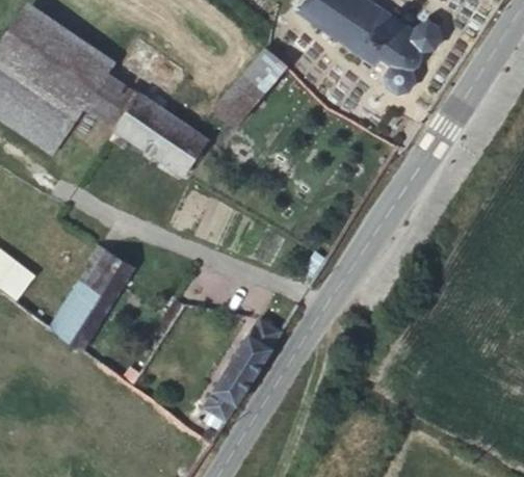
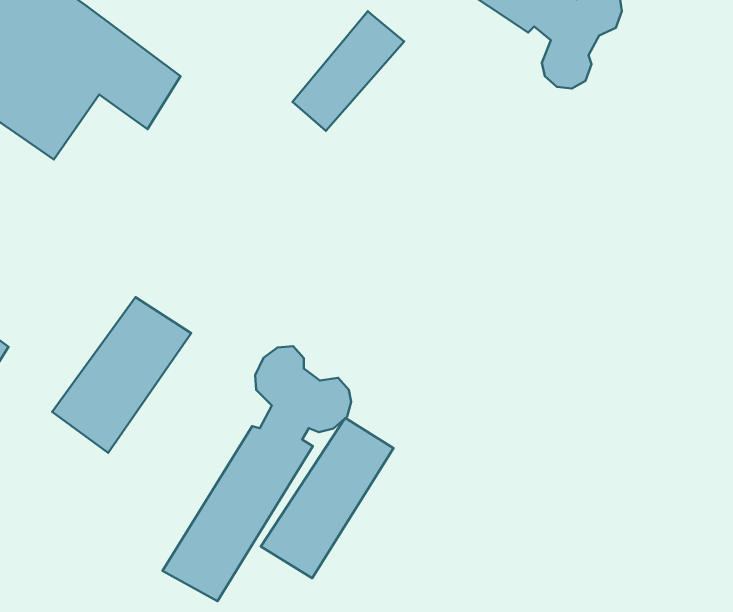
building: [111,89,211,180] -> none
building: none -> [162,346,351,601]

